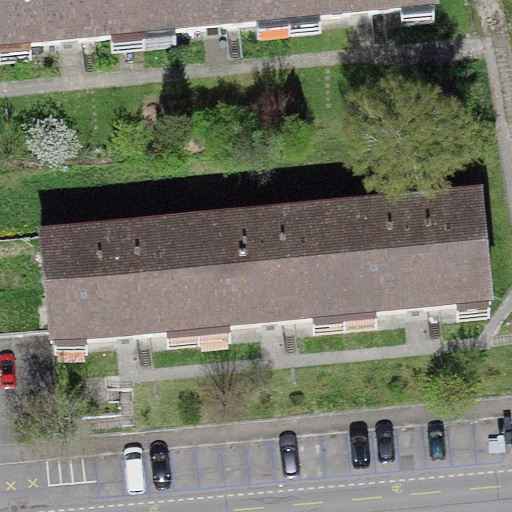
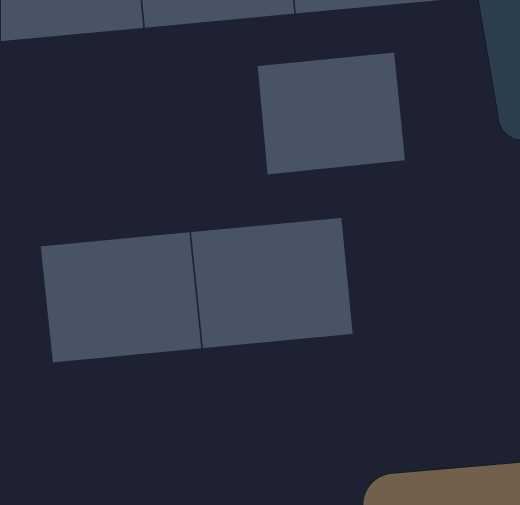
building: none -> [257,52,406,175]
building: [337,199,487,328] -> none

